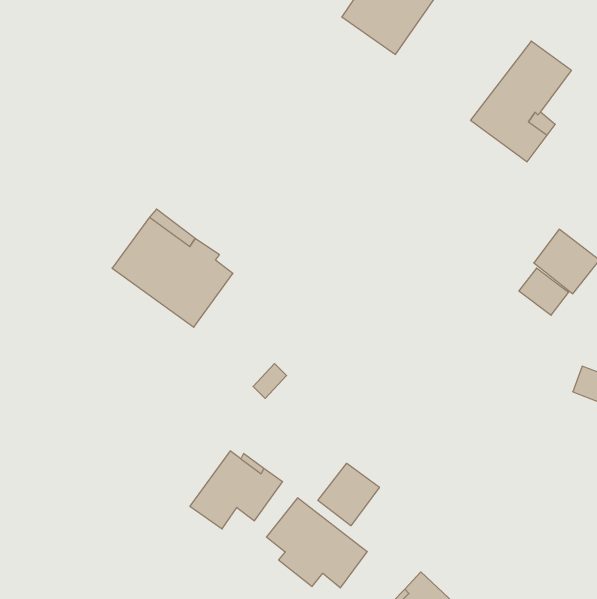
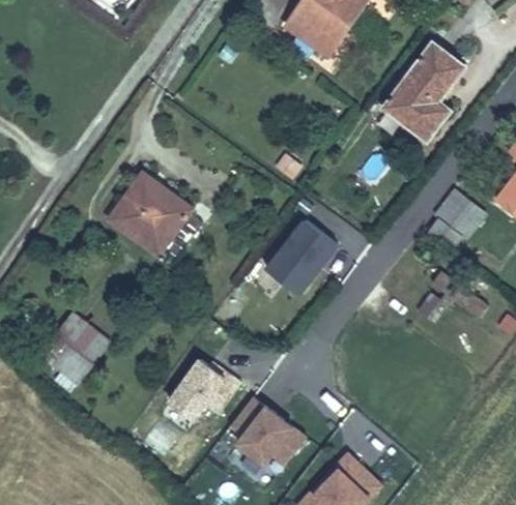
building: none -> [268,227,331,291]
building: none -> [38,311,109,383]
building: [318,463,379,526] -> none

